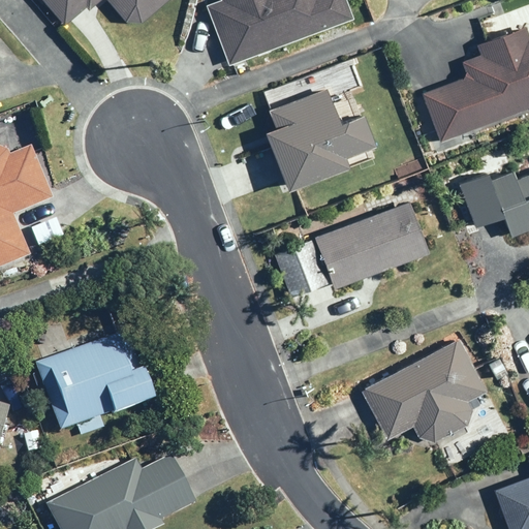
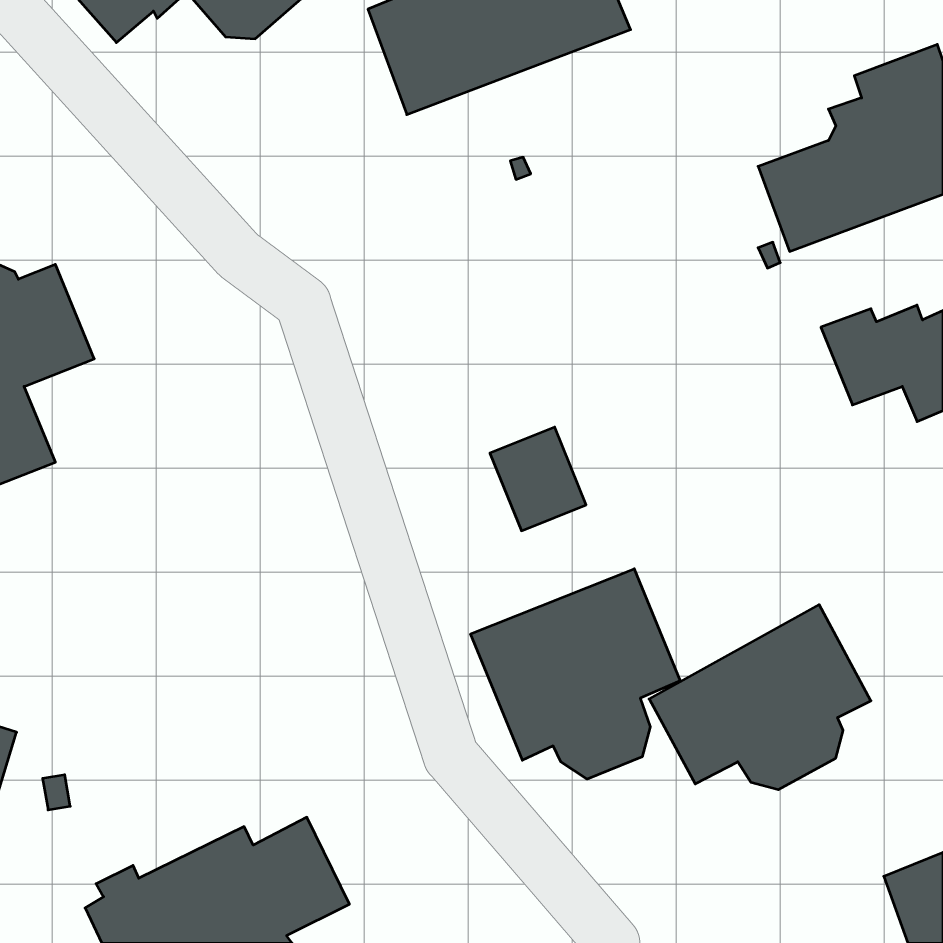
building: [267,88,376,190] -> none
building: [315,201,429,288] -> none
building: none -> [471,569,680,779]
building: [36,333,155,437] -> none

